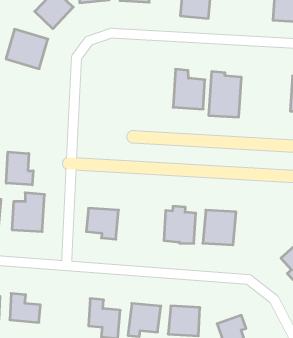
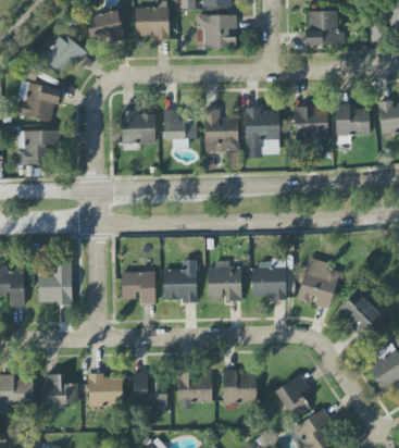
building: none -> [122,112,155,144]
building: none -> [163,110,197,140]
building: none -> [17,130,54,165]
building: none -> [294,107,328,146]
building: [6,152,33,185] -> none
building: none -> [163,260,197,300]
building: none -> [297,257,340,309]
building: none -> [88,375,123,406]

